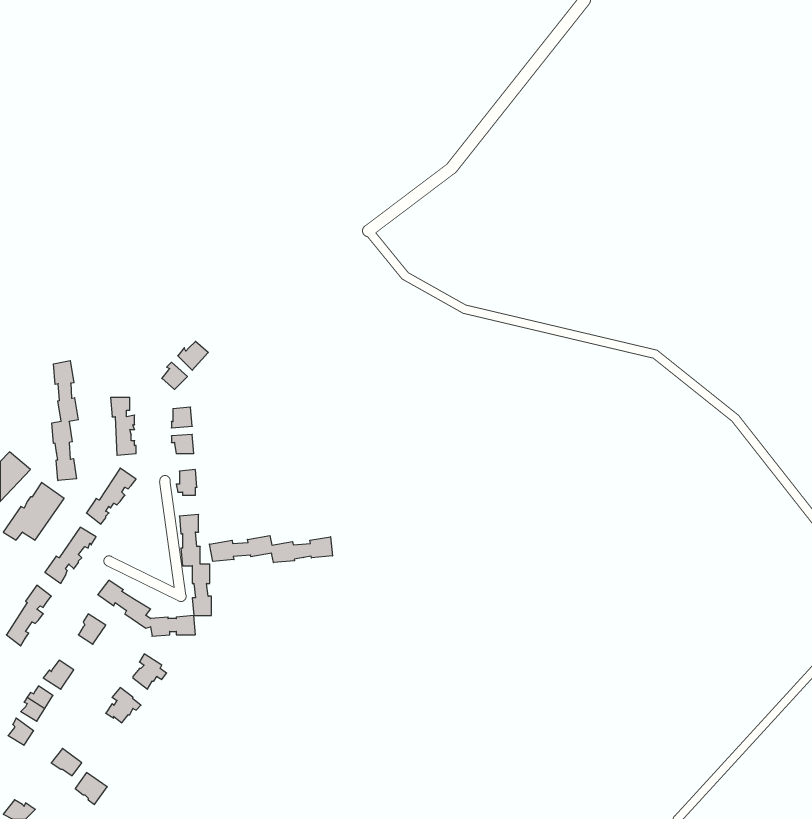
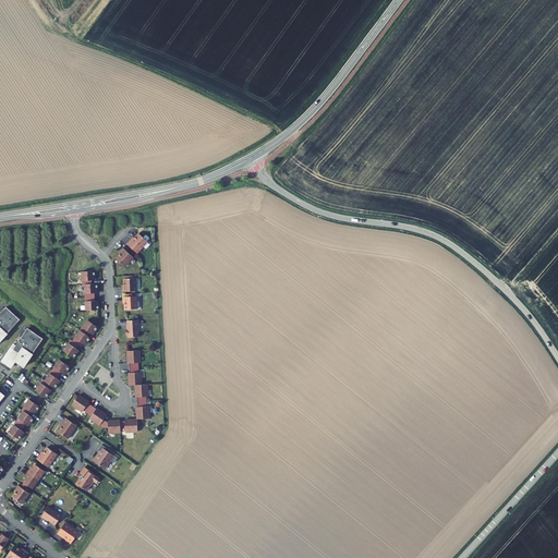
building: [52,361,78,481] -> none
building: [209,536,332,563] -> none

